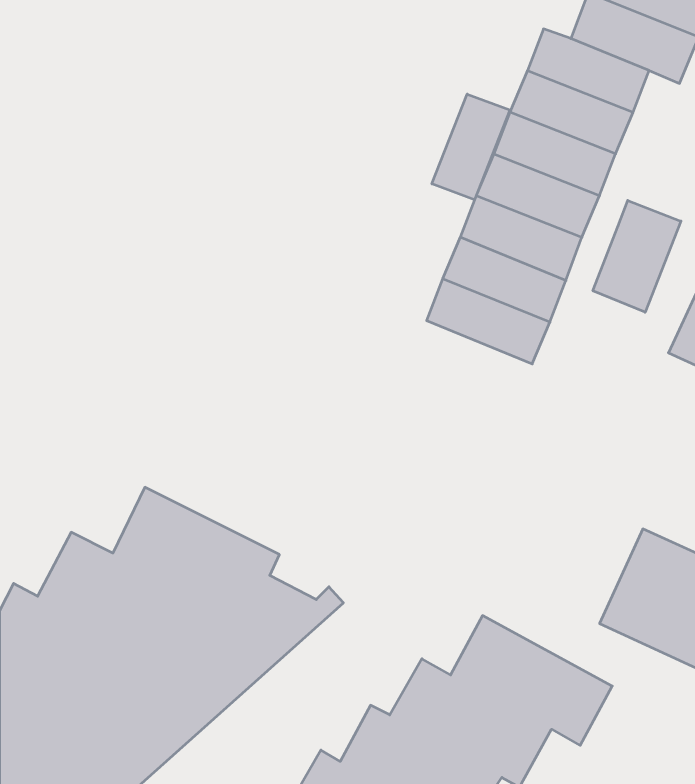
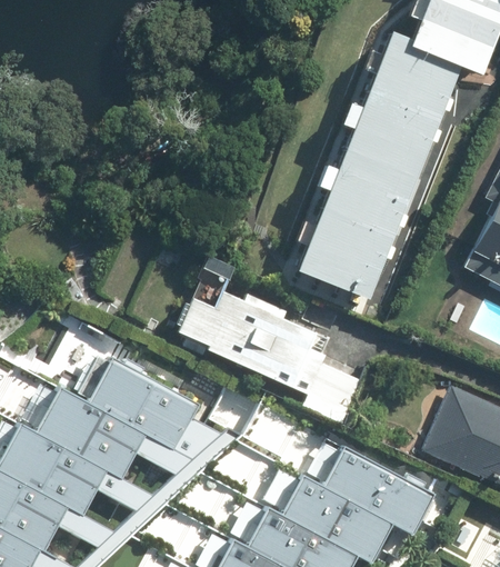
building: [432,94,510,200] -> none
building: [593,200,681,312] -> none
building: none -> [293,240,378,299]
building: none -> [176,290,368,425]

